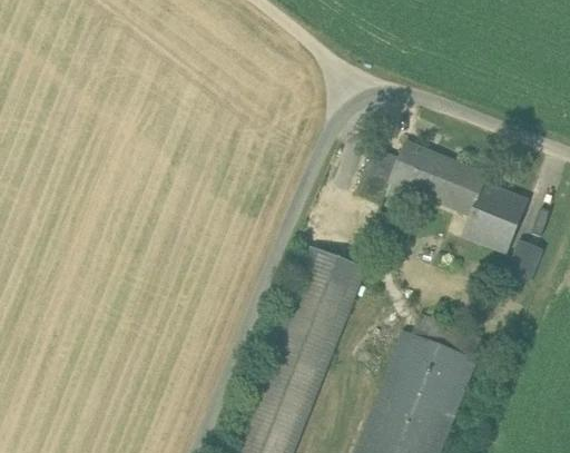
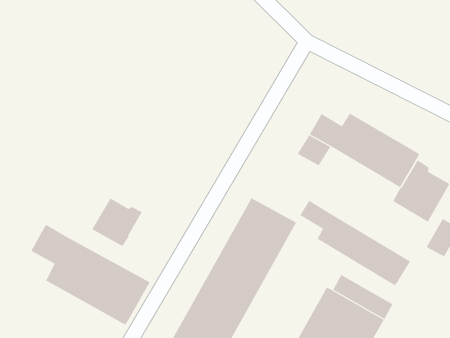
building: none -> [300,200,411,286]
building: none -> [91,198,143,247]
building: none -> [31,224,150,326]

